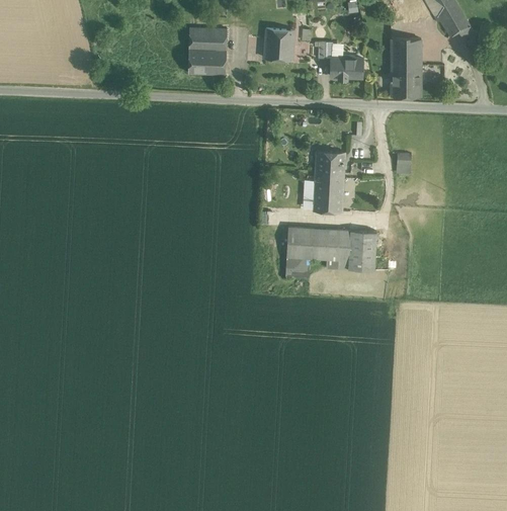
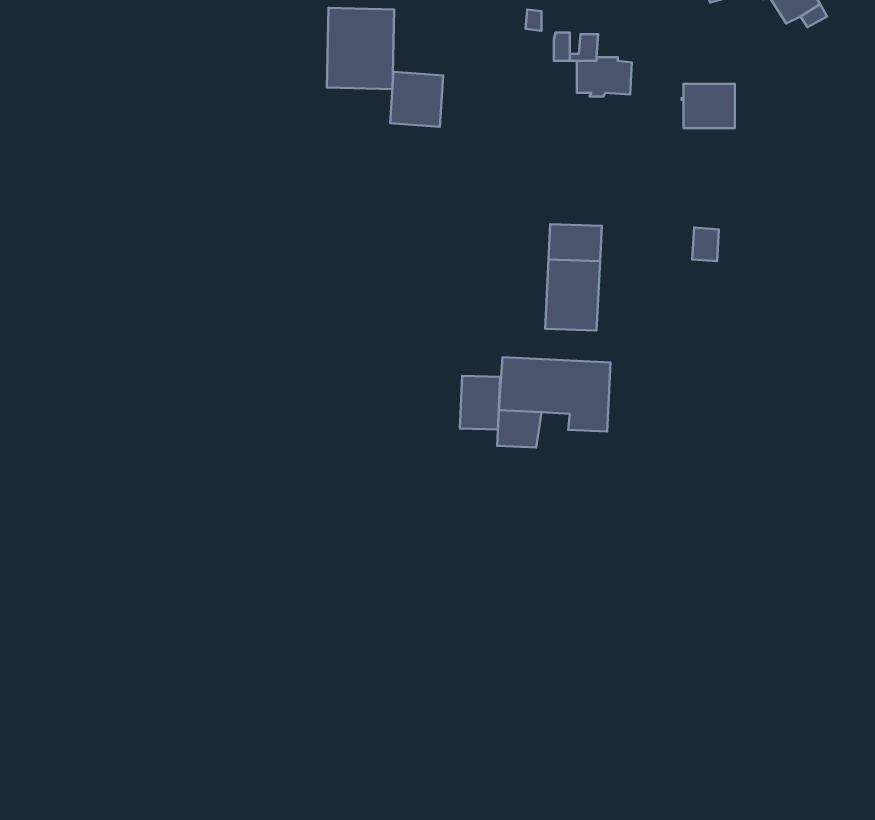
building: [264,28,294,60] -> [390,72,443,127]
building: [392,38,421,71] -> none
building: [348,230,376,270] -> none
building: none -> [460,376,500,430]

